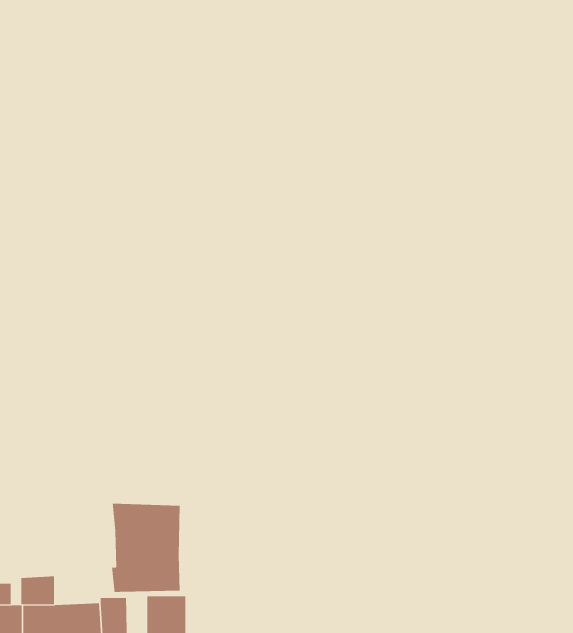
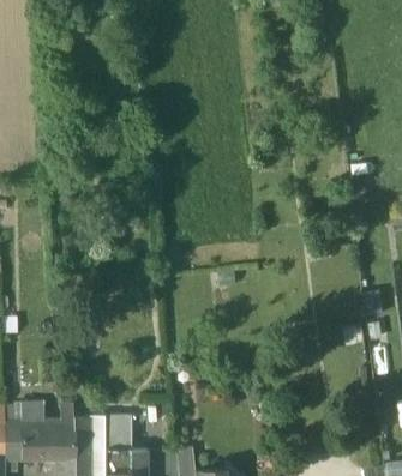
building: [112,503,180,593] -> none

